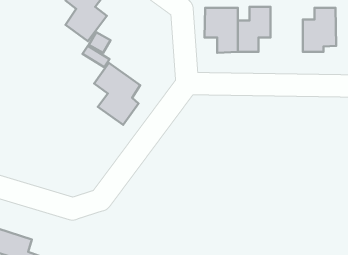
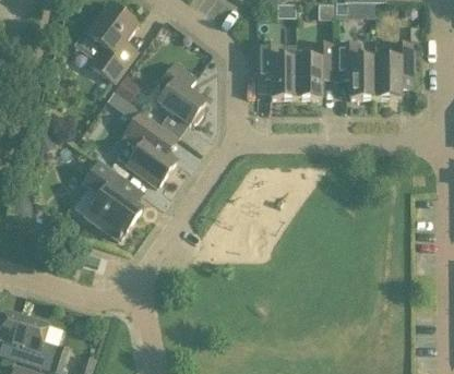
building: none -> [335,43,374,97]
building: none -> [157,61,205,123]
building: none -> [81,160,142,239]

